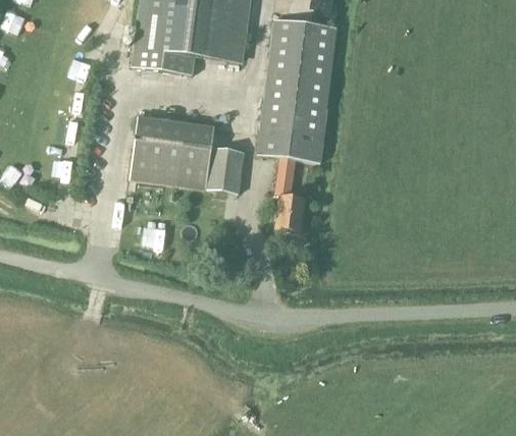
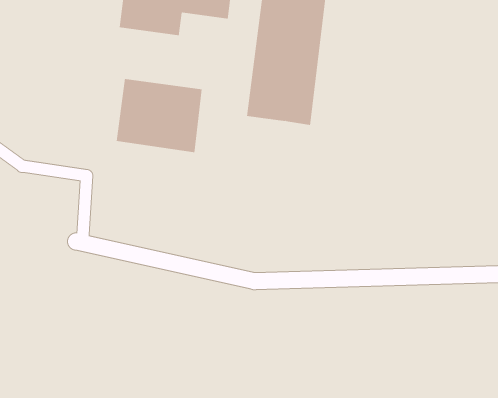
building: [207,147,243,193] -> none
building: [275,156,305,232] -> none

